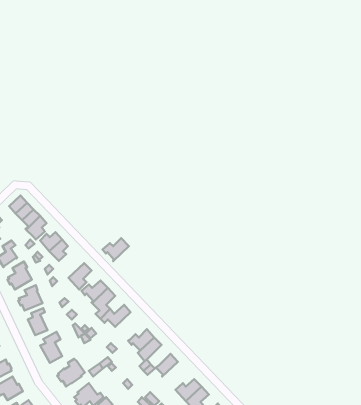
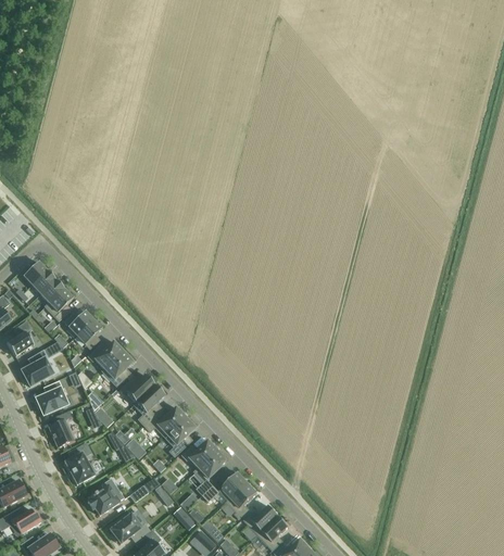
building: [103,238,129,261] -> [88,340,123,370]
building: none -> [164,416,194,455]
building: none -> [227,482,257,518]

